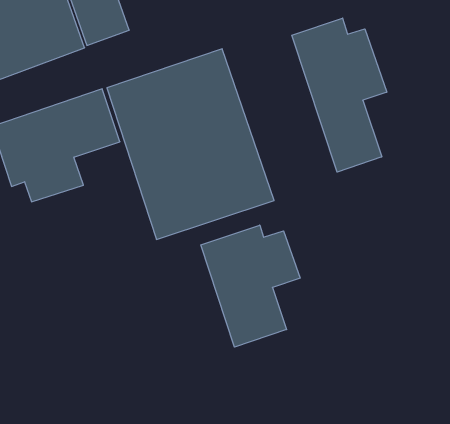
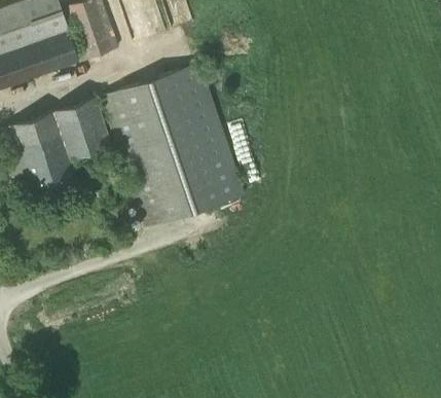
building: [292,18,387,172] -> none
building: [201,225,300,347] -> none

